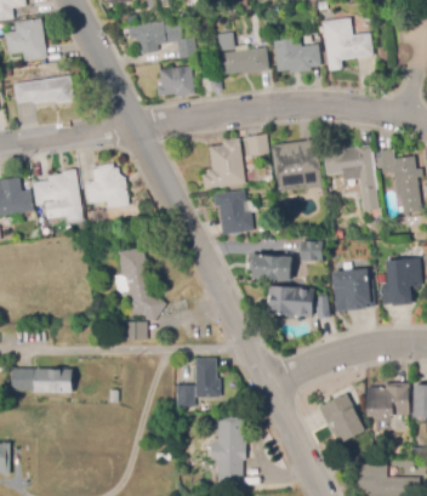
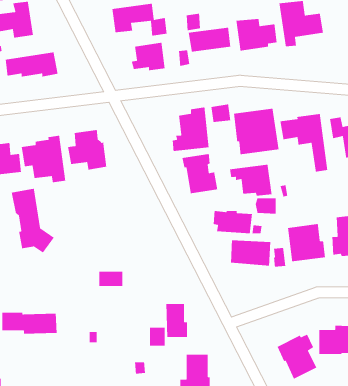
building: none -> [229,164,272,197]
building: [116,247,166,321] -> [11,188,55,254]

